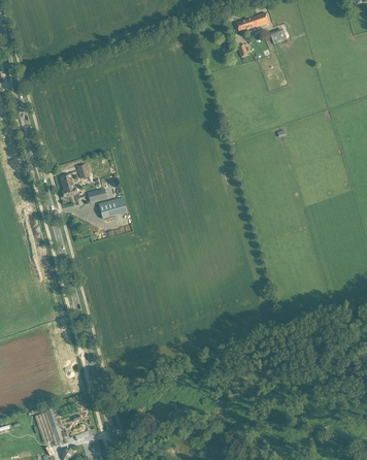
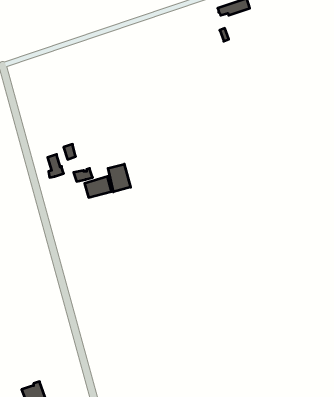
building: none -> [108,164,131,192]

